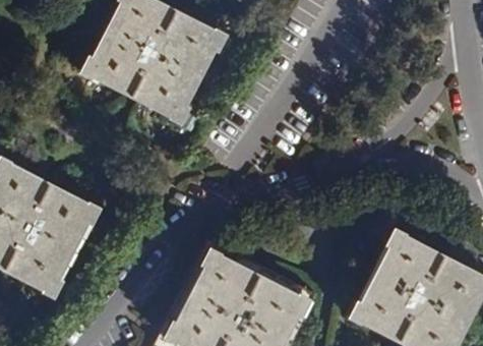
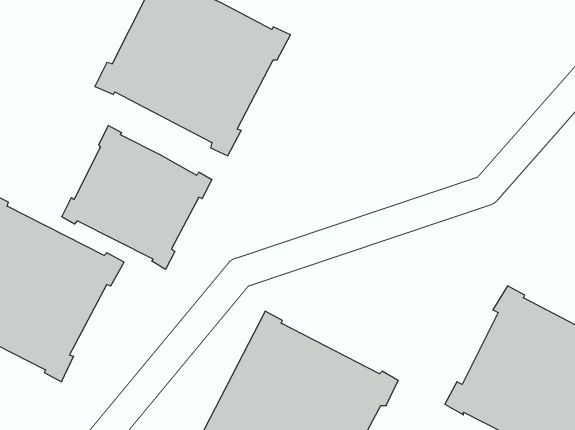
building: none -> [62,125,212,269]

